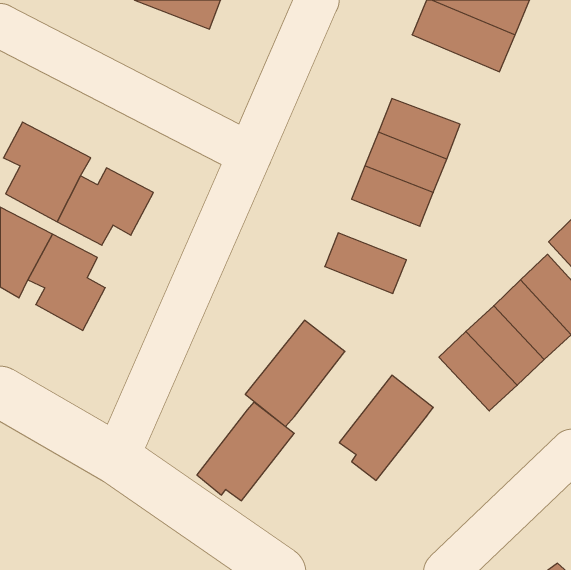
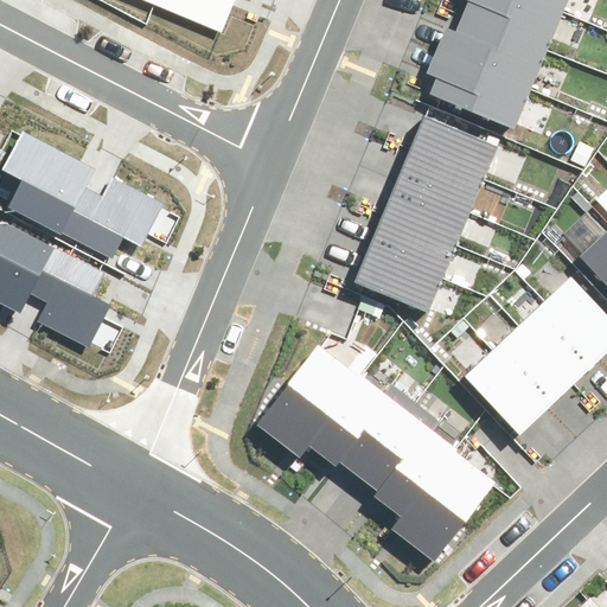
building: none -> [421,39,530,117]
building: none -> [359,213,446,277]
building: [197,402,294,501] -> [313,366,416,471]
building: none -> [391,443,497,554]

